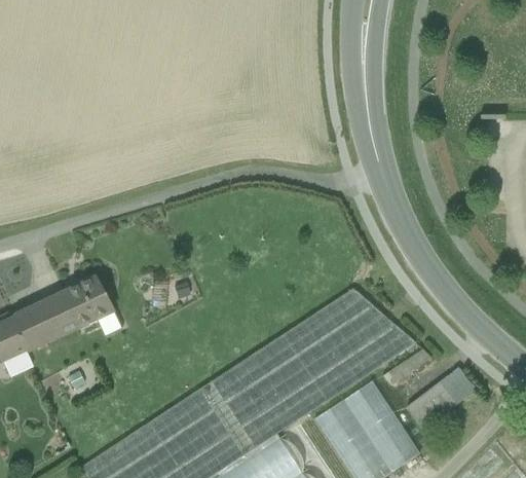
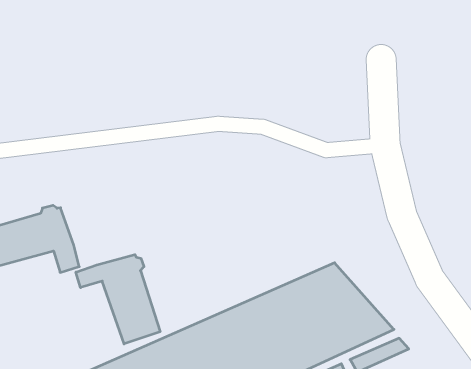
building: none -> [76,255,160,344]

